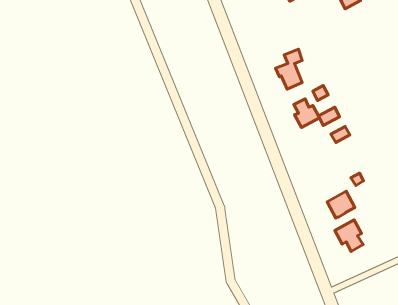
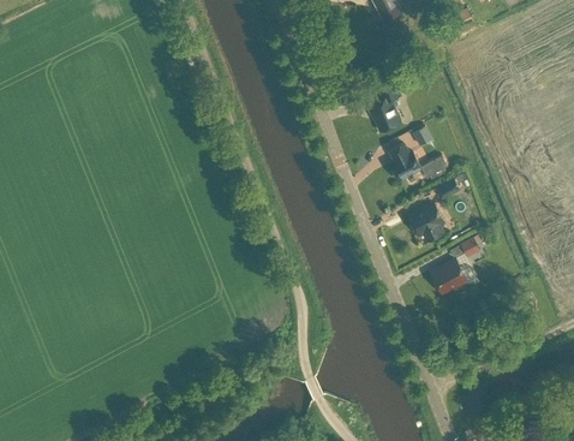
building: none -> [409,204,444,242]
building: [335,220,363,252] -> none

